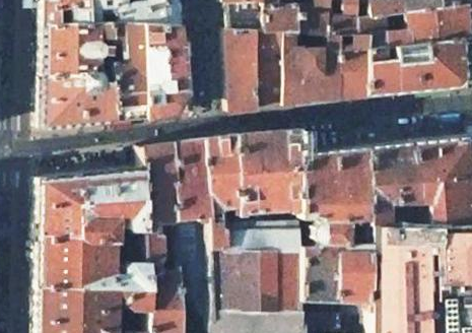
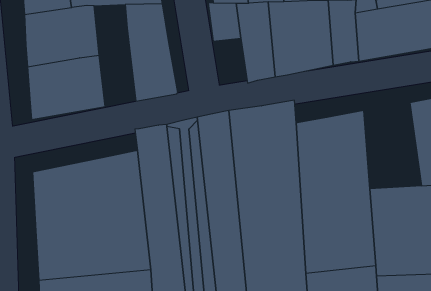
building: [115,21,148,121] -> none
building: [228,64,259,112] -> none
building: [370,140,421,222] -> none

